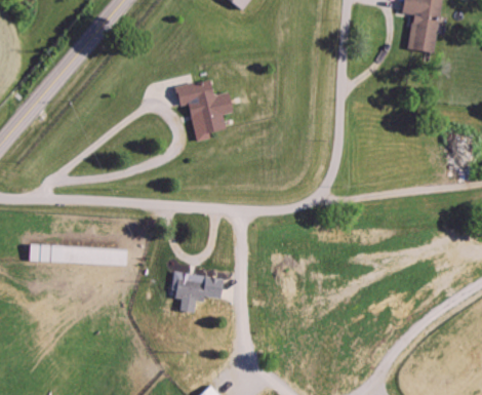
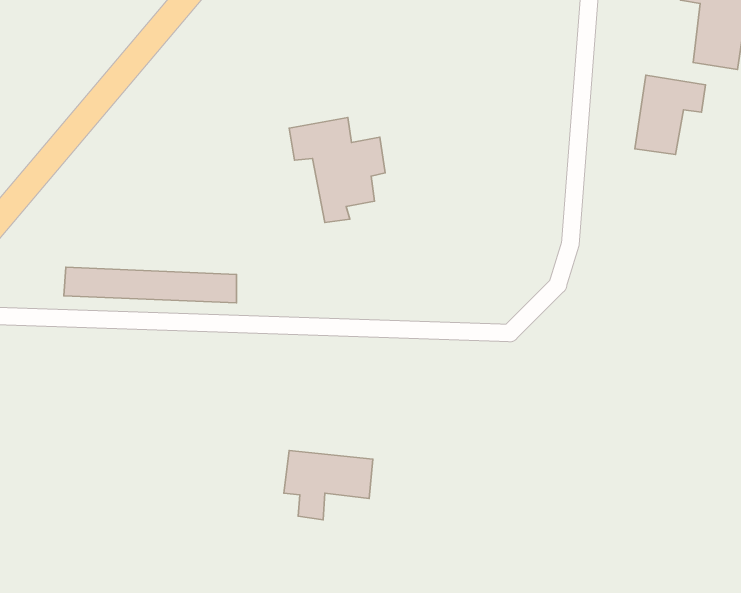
building: none -> [635,75,705,154]
building: [28,244,127,265] -> [64,267,237,303]

